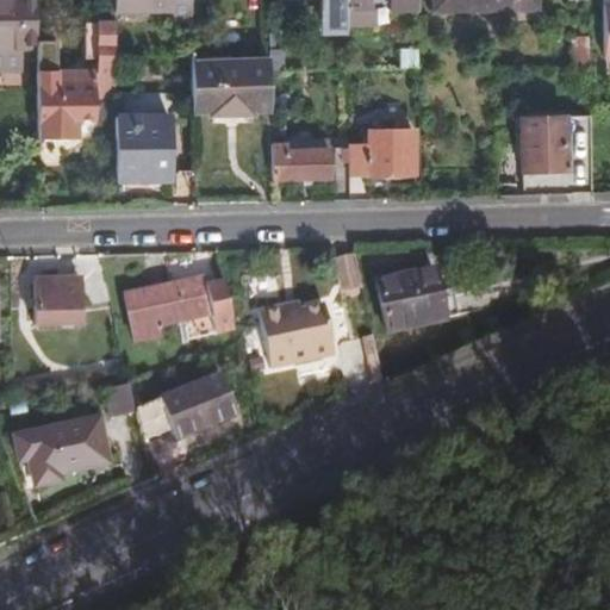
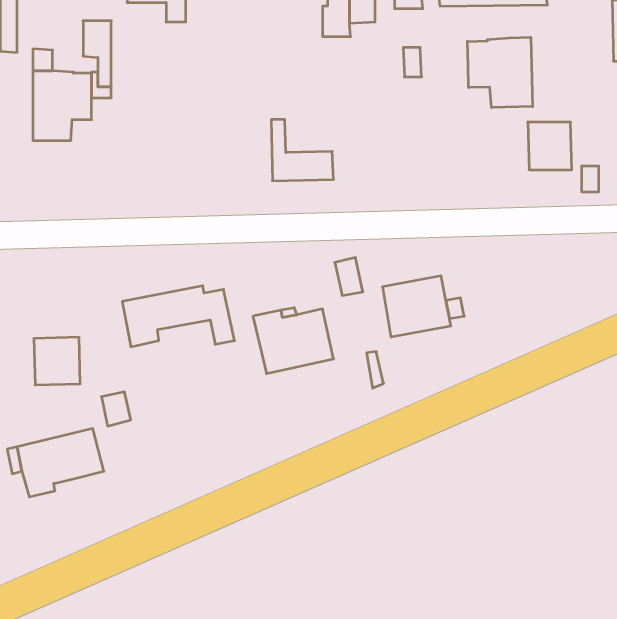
building: none -> [467,37,533,108]
building: [193,58,270,116] -> none
building: [117,114,170,178] -> none
building: [349,130,415,173] -> none
building: [35,275,80,322] -> [34,337,80,385]
building: [160,374,237,437] -> none

